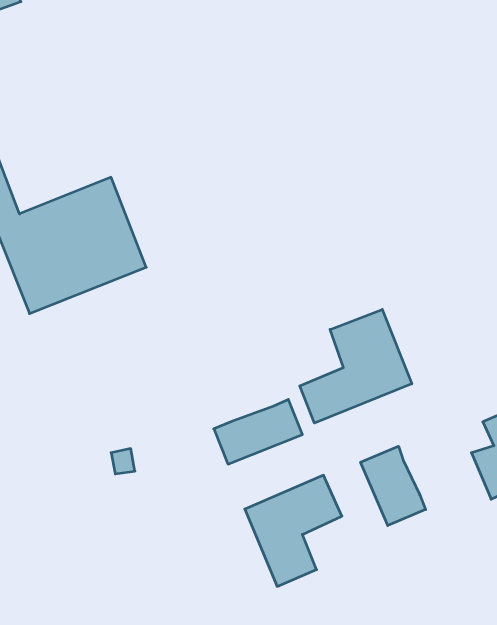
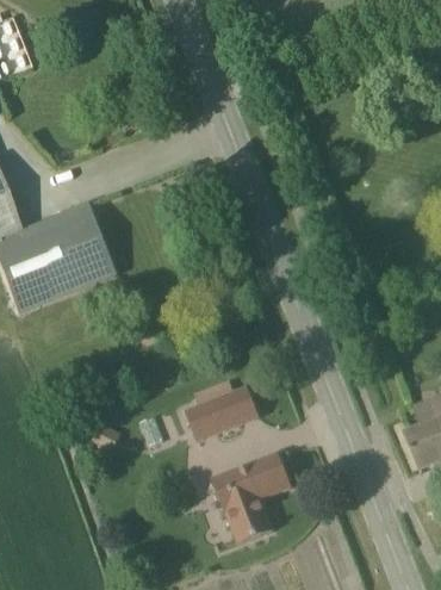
building: [300,309,412,423] -> none
building: [361,446,426,526] -> none

